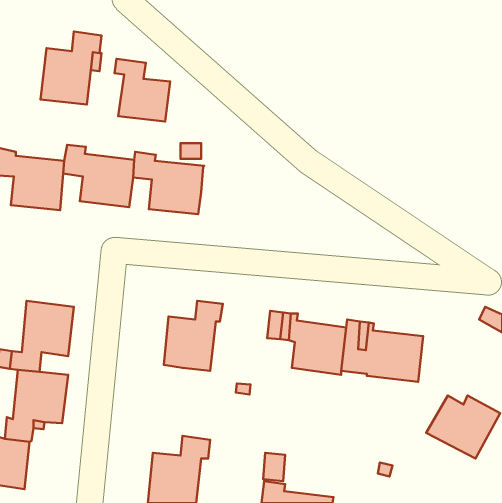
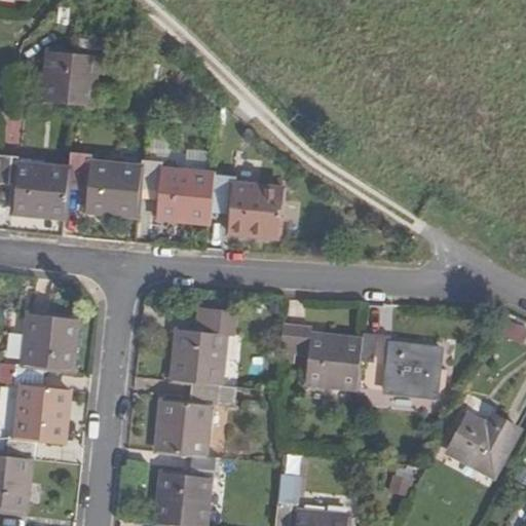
building: [115,59,170,121] -> none
building: none -> [210,174,285,237]
building: none -> [155,383,235,456]

